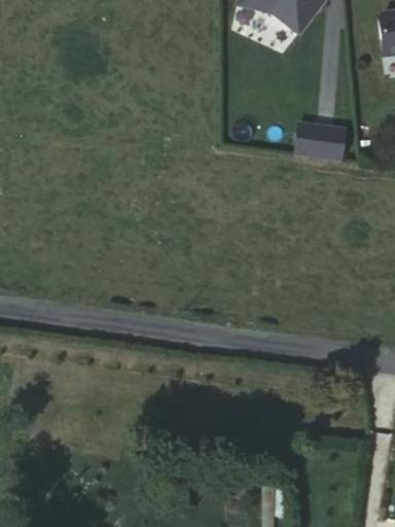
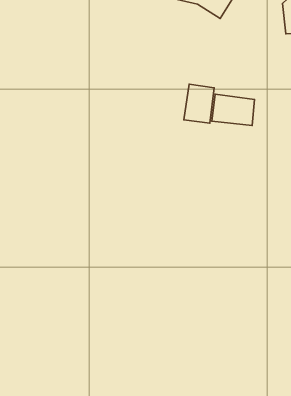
building: none -> [184,84,214,123]

